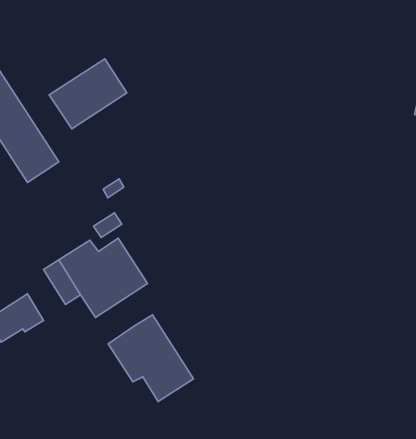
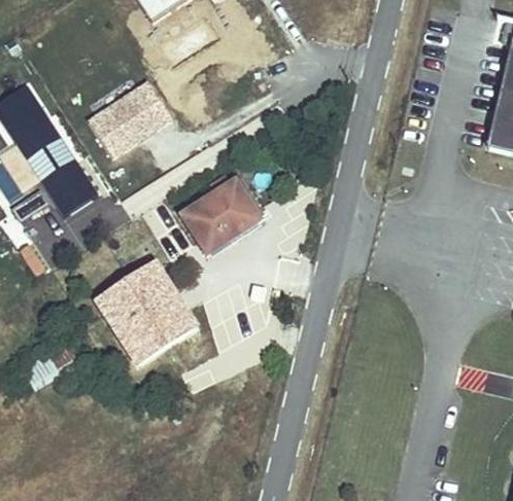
building: none -> [183,180,261,252]
building: [108,315,193,402] -> none

